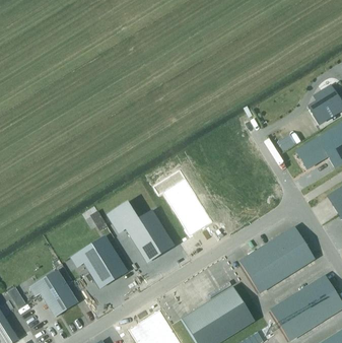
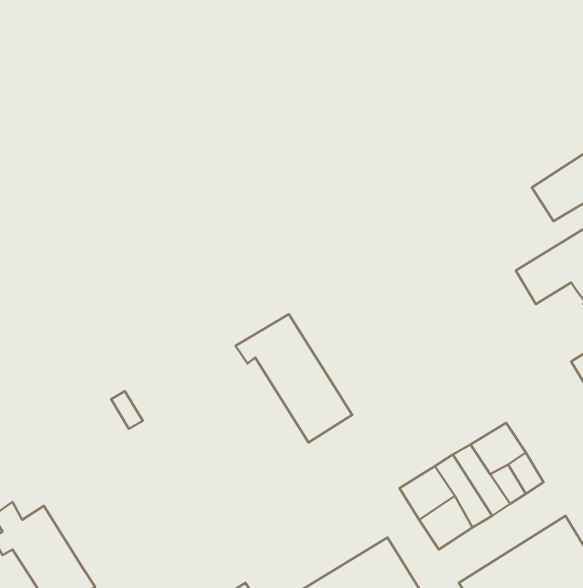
building: [108,202,174,262] -> none
building: [71,235,127,287] -> none

